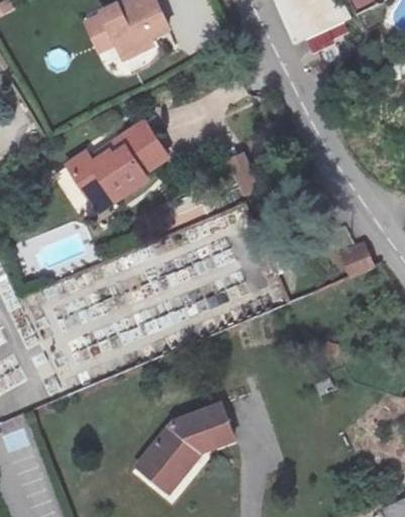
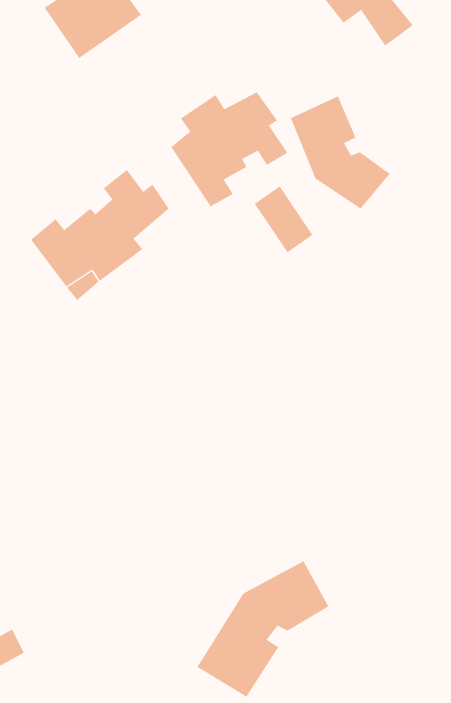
building: none -> [171,91,288,207]
building: none -> [290,95,391,210]

